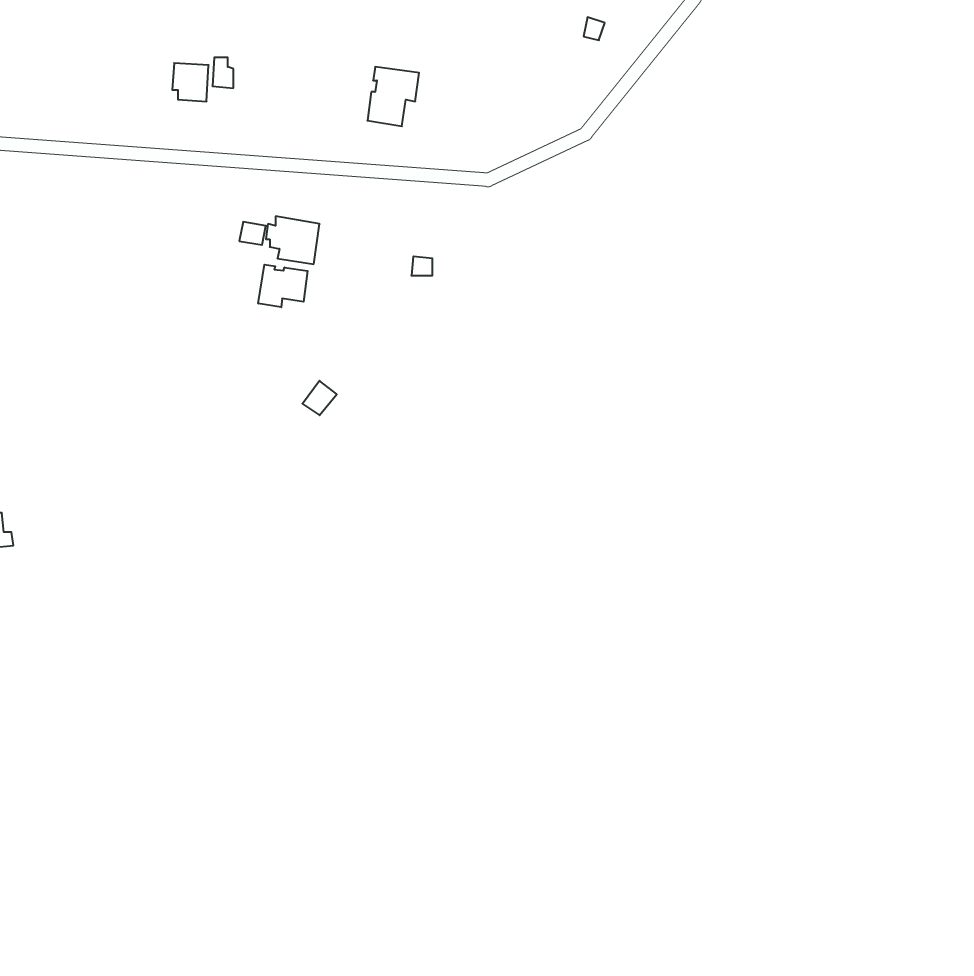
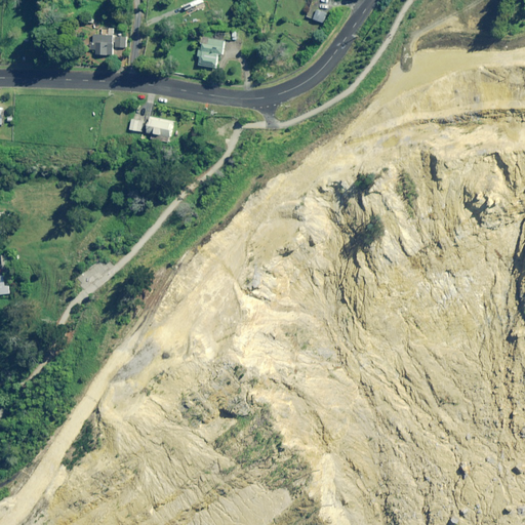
building: [258,265,308,307] -> none

